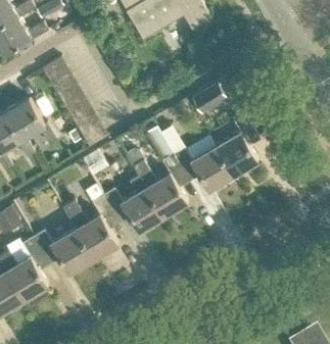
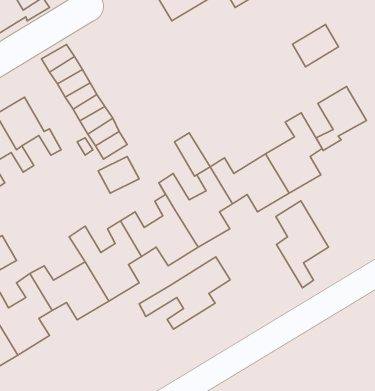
building: [191,83,227,115] -> [292,25,339,67]
building: none -> [316,87,366,150]
building: none -> [276,201,329,288]
building: none -> [139,257,230,329]

